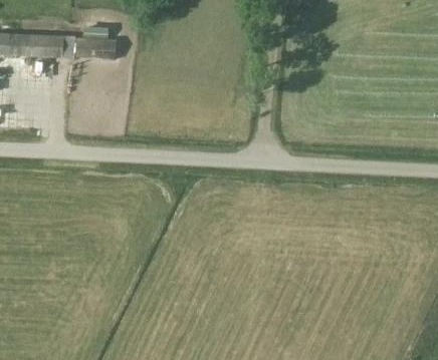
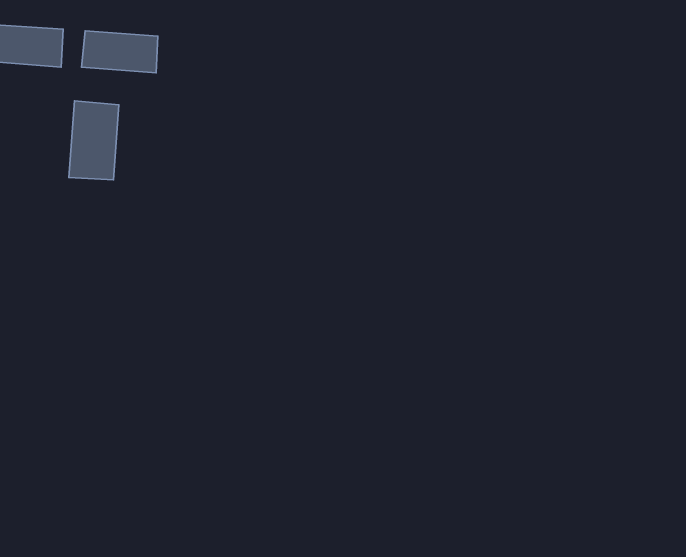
building: none -> [69,101,119,180]

